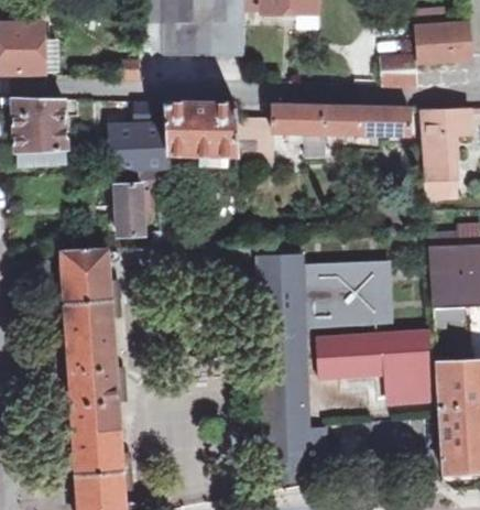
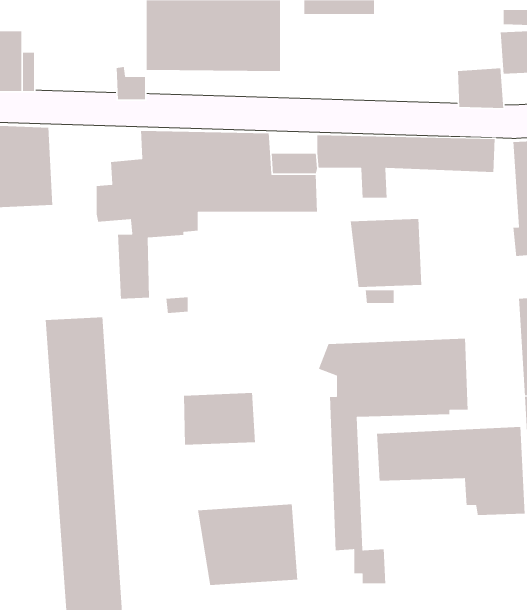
building: none -> [350,218,422,288]
building: none -> [183,392,256,446]
building: none -> [197,503,298,586]

